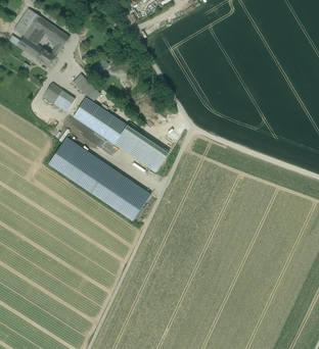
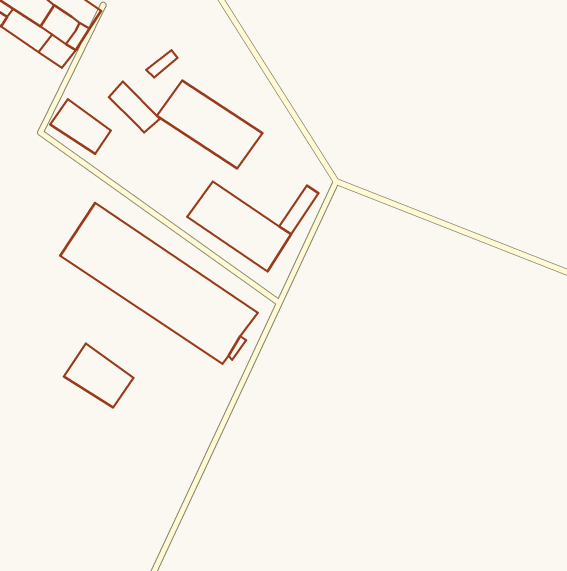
building: [73,98,128,144] -> [157,80,263,169]
building: none -> [64,344,134,408]

